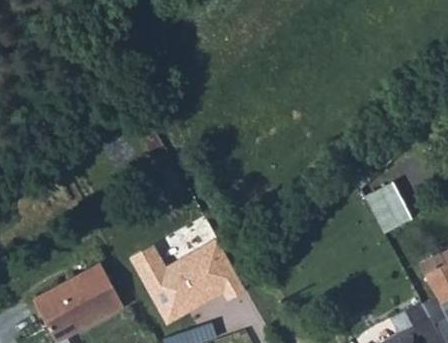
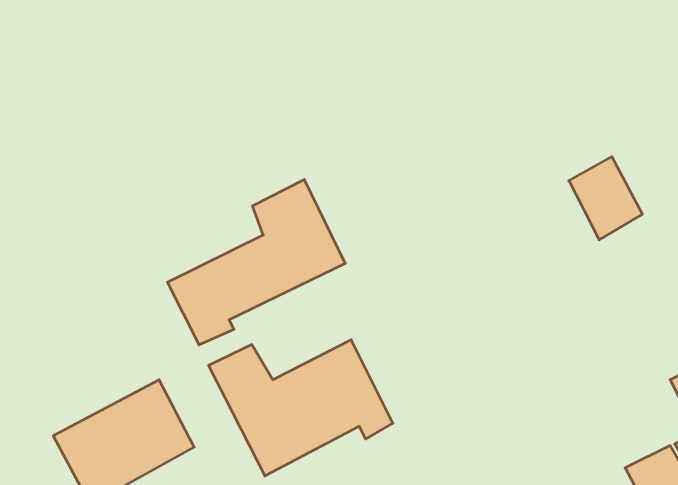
building: none -> [168,179,345,345]
building: [365,182,411,234] -> [569,157,642,240]

